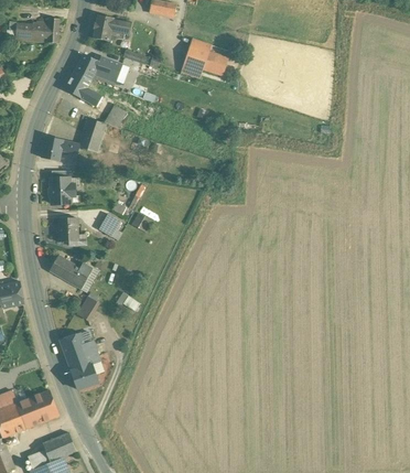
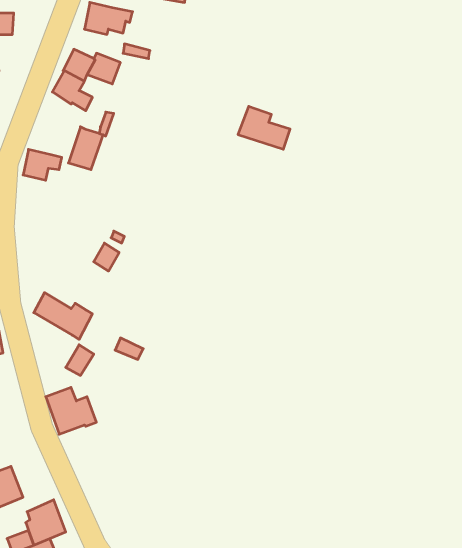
building: [31,18,58,43] -> none
building: [183,39,226,74] -> [238,106,290,149]
building: [50,178,74,203] -> none
building: [57,217,77,241] -> none
building: [69,363,98,389] -> none
building: [30,389,58,422] -> none

